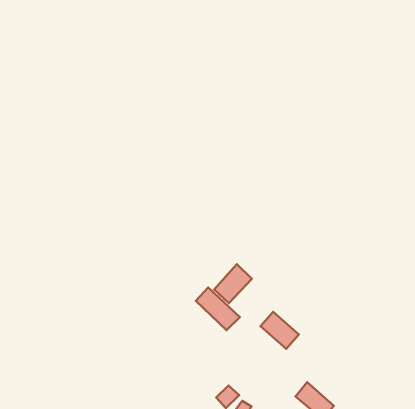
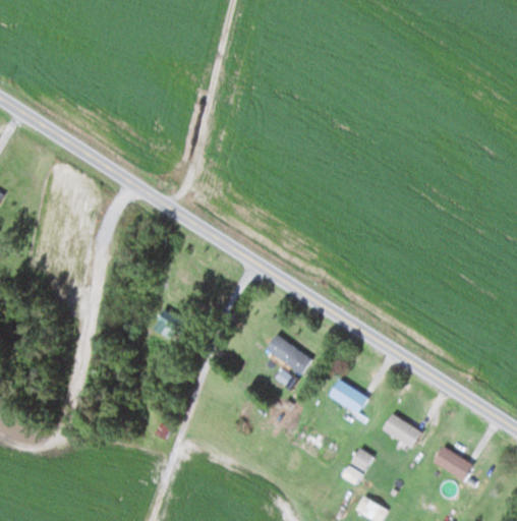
building: [214,264,252,303] -> none
building: [261,312,299,349] -> [328,379,367,413]

